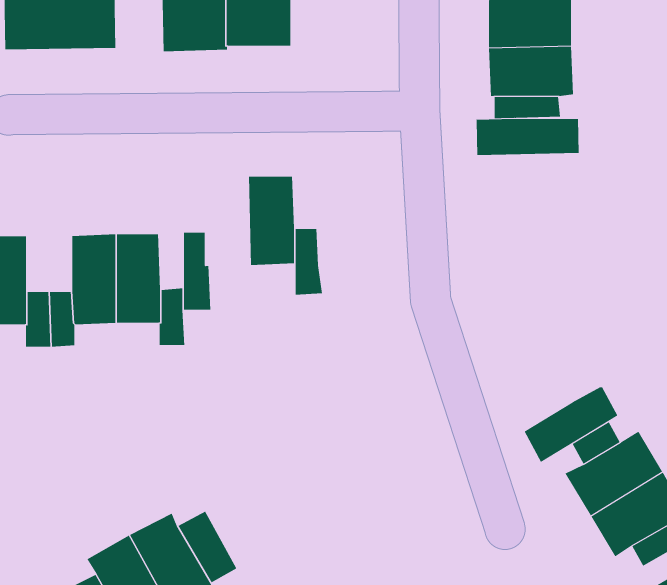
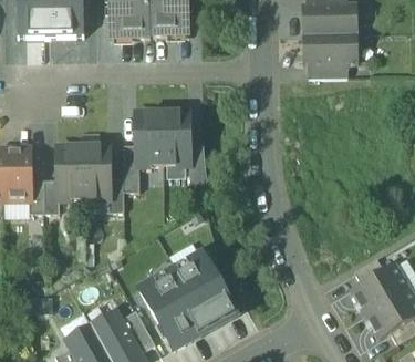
building: [476,118,579,156] -> none
building: none -> [135,112,163,165]
building: [524,386,618,463] -> none
building: none -> [139,255,235,350]

